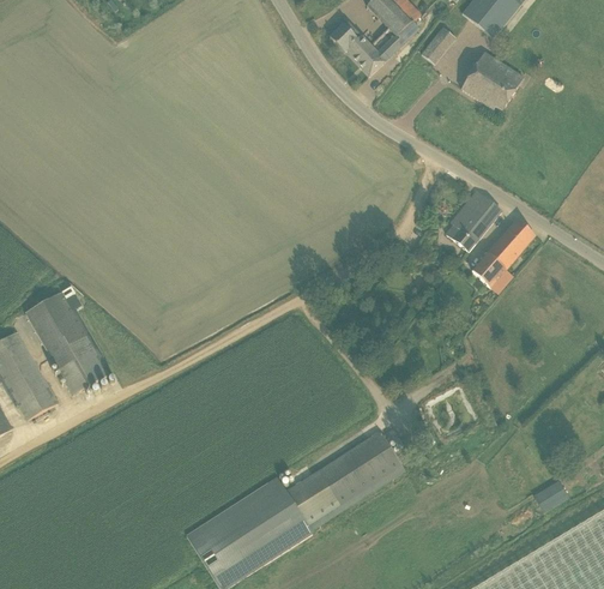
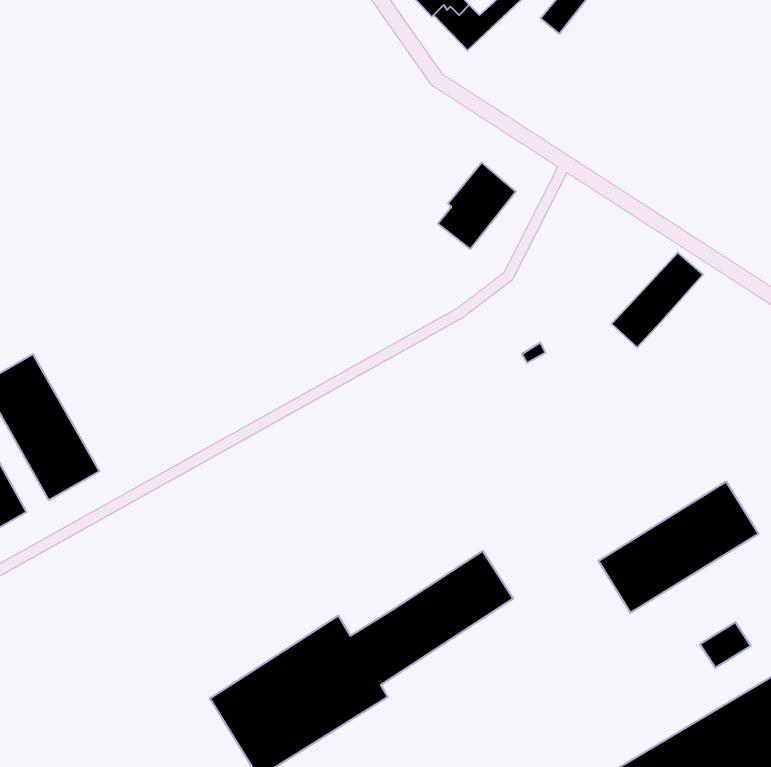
building: [461,52,519,109] -> none
building: [446,190,501,251] -> [438,163,516,249]
building: none -> [598,482,758,613]

